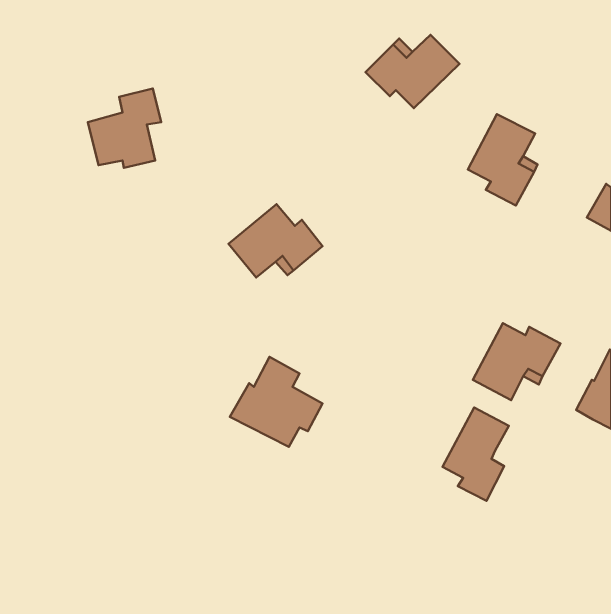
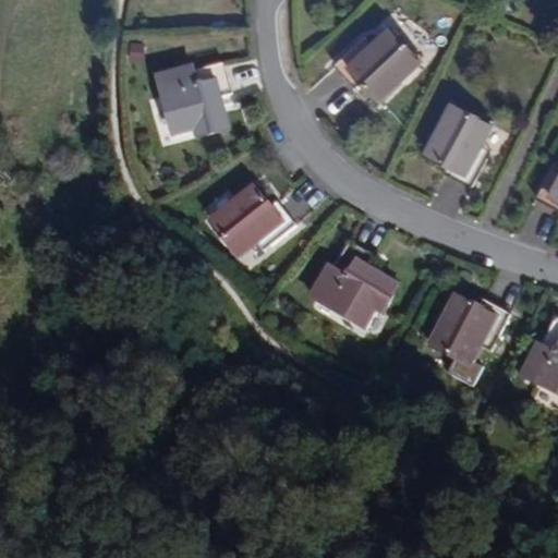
building: [88,88,161,168] -> [161,62,228,134]
building: [230,357,322,447] -> [310,242,393,324]
building: [443,407,509,501] -> none

